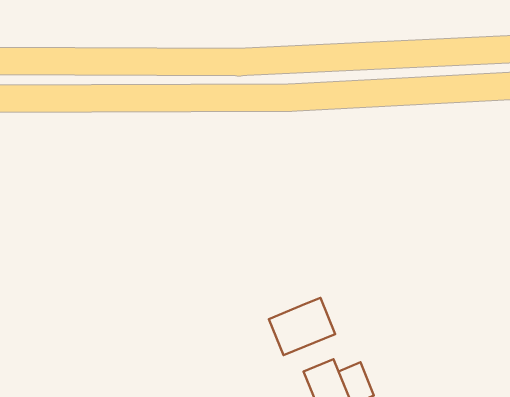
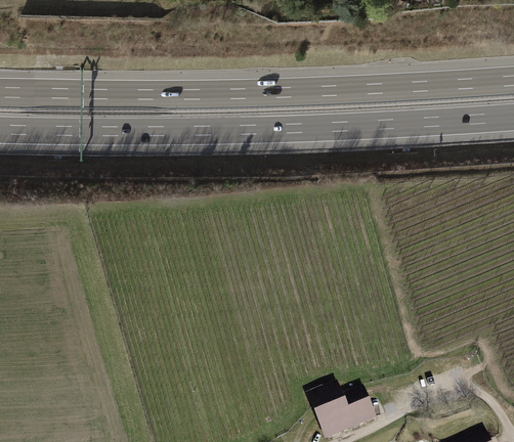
building: [269,298,335,355] -> none

